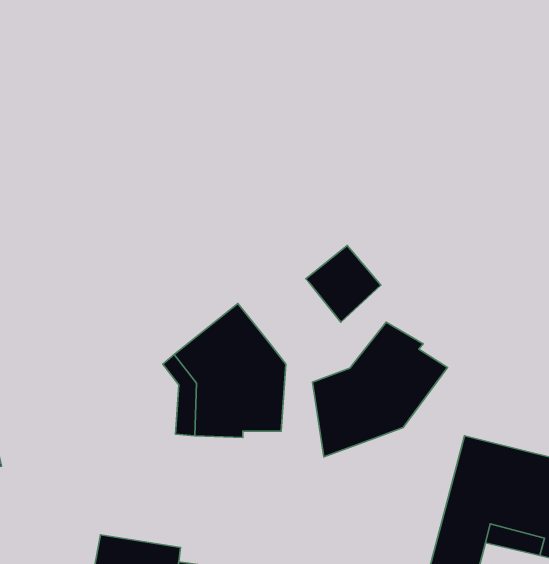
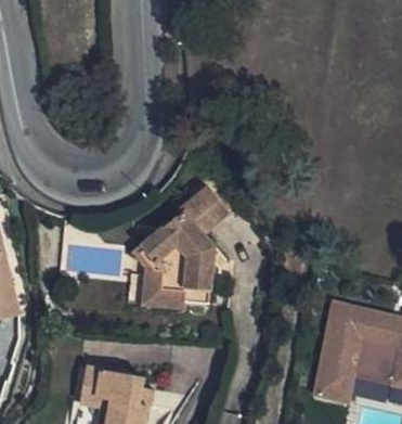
building: [306,245,381,322] -> [179,184,230,236]
building: [312,322,448,457] -> none

